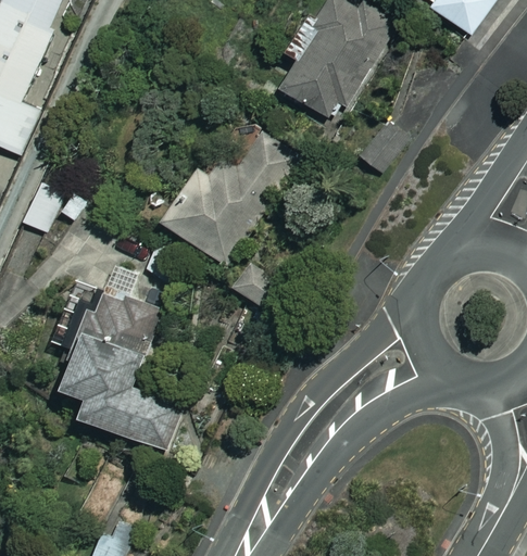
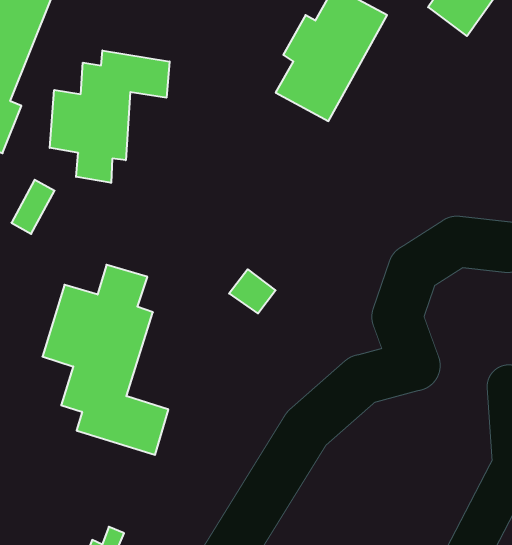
building: none -> [50,50,170,183]
building: [166,119,297,266] -> none

